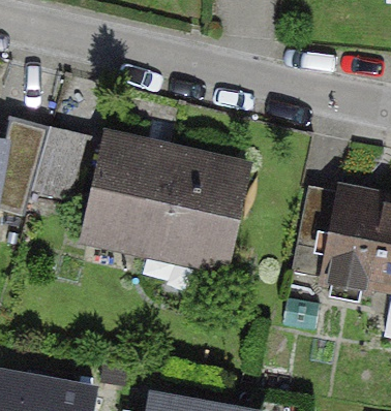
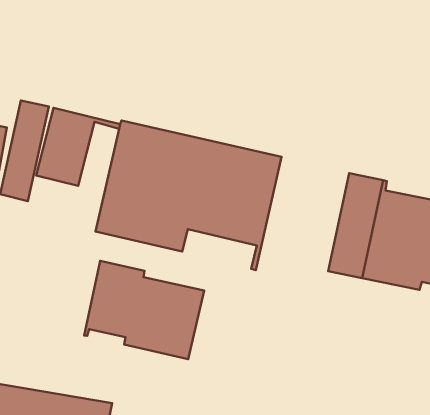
building: none -> [84,261,204,359]

